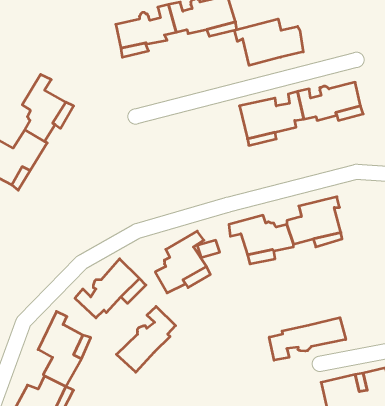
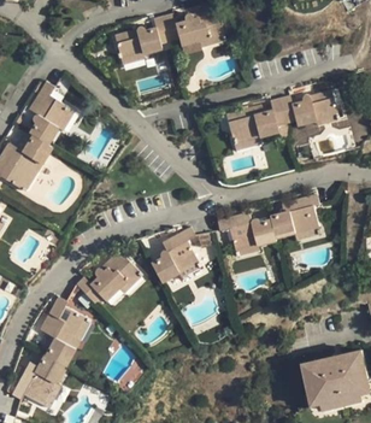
building: [235,19,303,65] -> none
building: [116,306,176,372] -> none
building: [269,318,346,360] -> none

